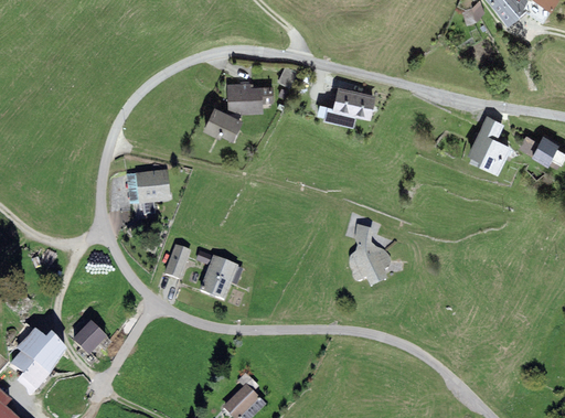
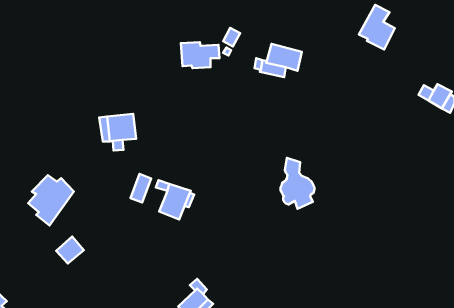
building: [202,104,243,137] -> none
building: [467,115,511,170] -> [359,5,395,50]
building: [11,329,67,390] -> [28,175,74,226]

